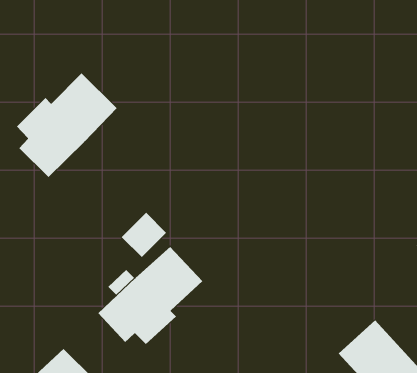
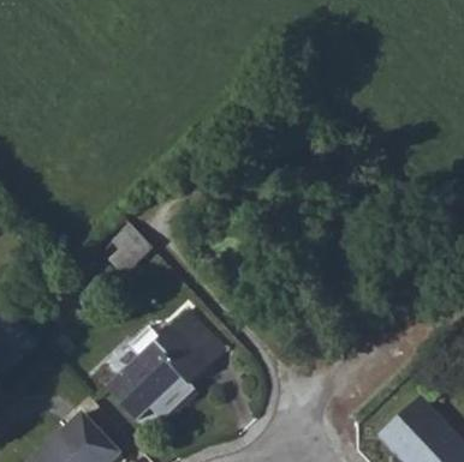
building: [16,72,117,178] -> none
building: [121,212,167,258] -> [101,217,151,268]

